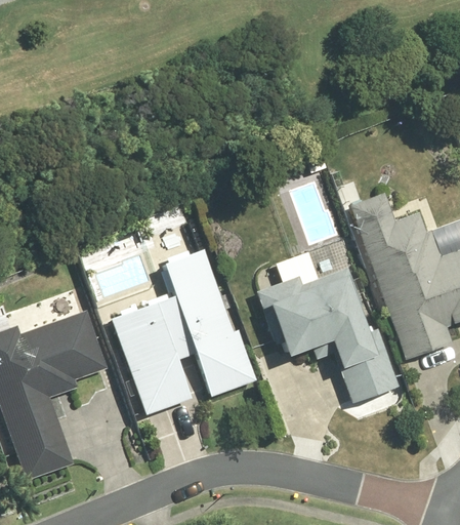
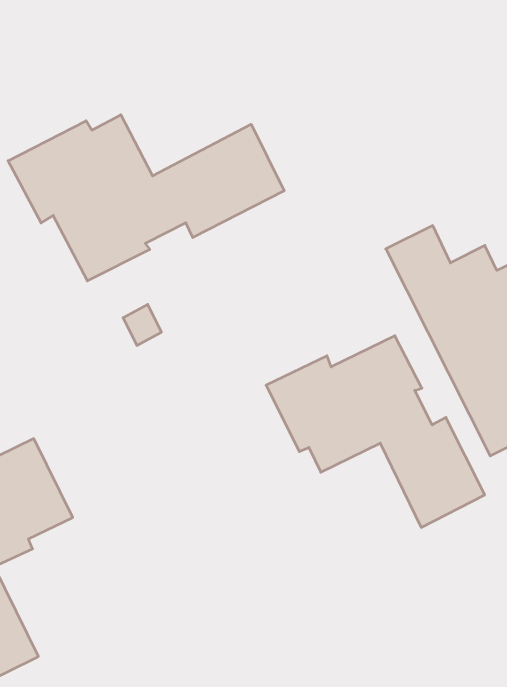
building: none -> [8,115,284,281]
building: [110,248,253,414] -> none

